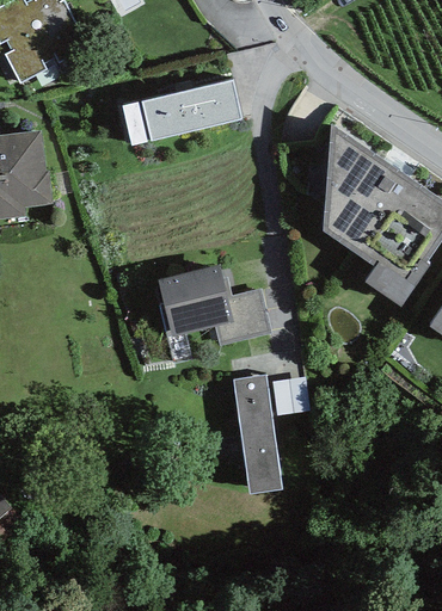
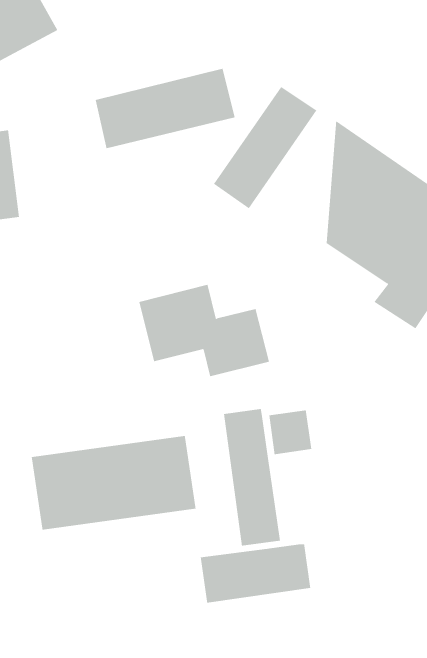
building: none -> [213,86,317,209]
building: none -> [31,435,196,530]
building: none -> [200,543,311,604]

